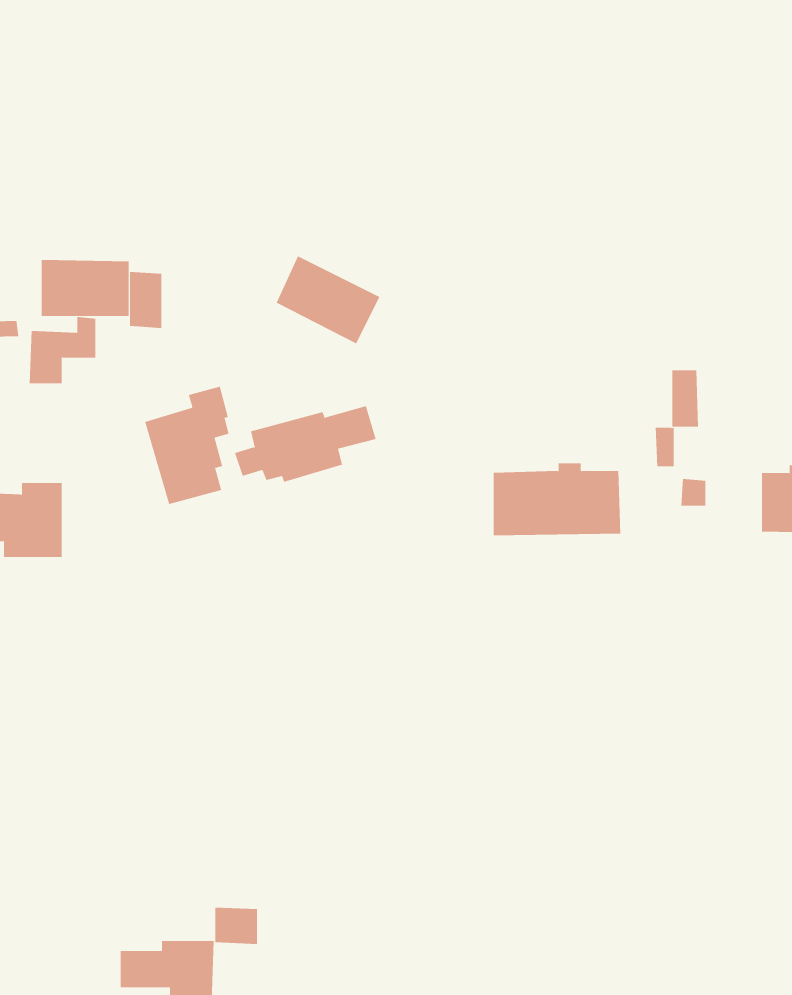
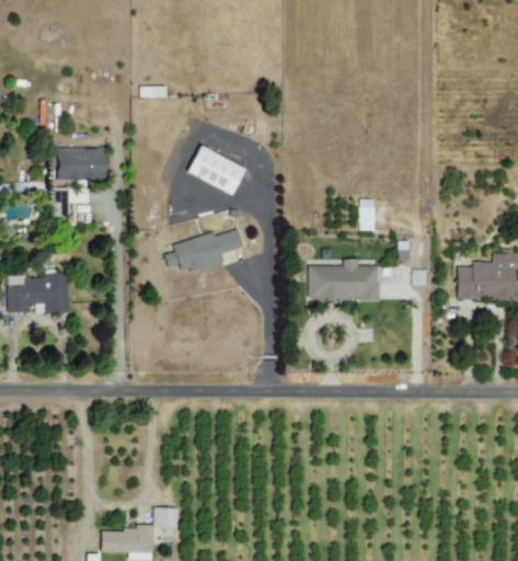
building: [130,271,162,329] -> none
building: [671,370,699,427] -> [360,199,376,231]
building: [145,386,229,505] -> none

